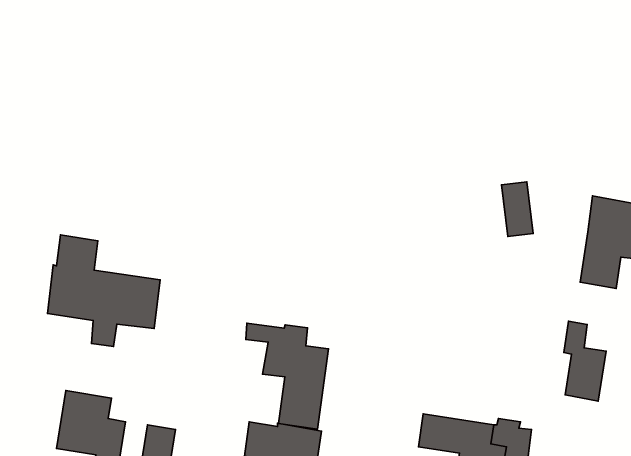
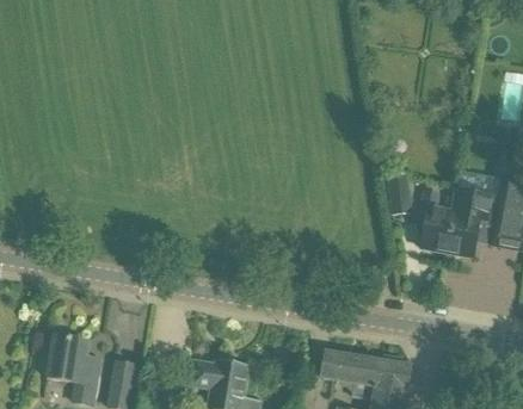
building: [47,235,160,347] -> none
building: [564,321,606,401] -> [420,191,453,252]
building: [246,323,328,429] -> none

